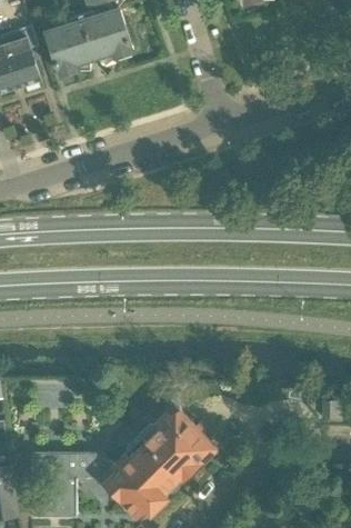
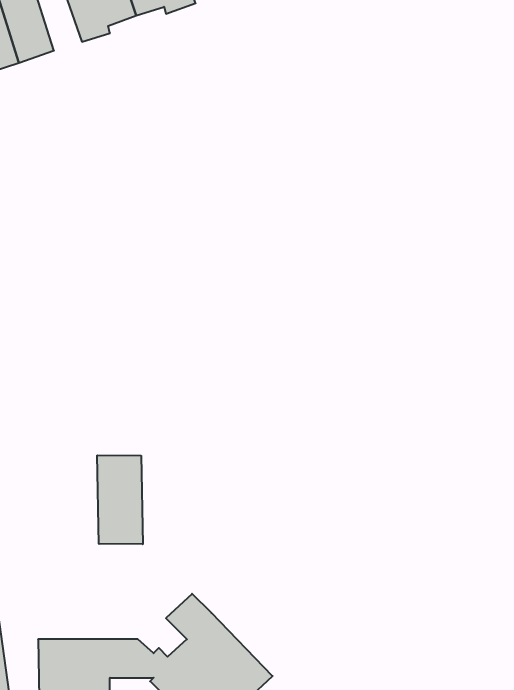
building: none -> [97,455,143,544]
building: [142,406,217,480] -> none

